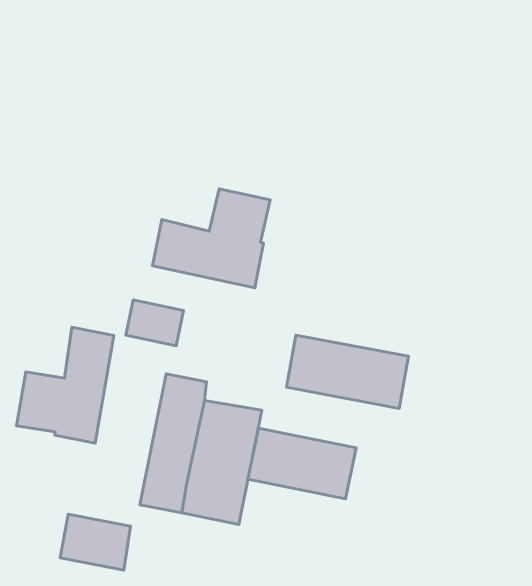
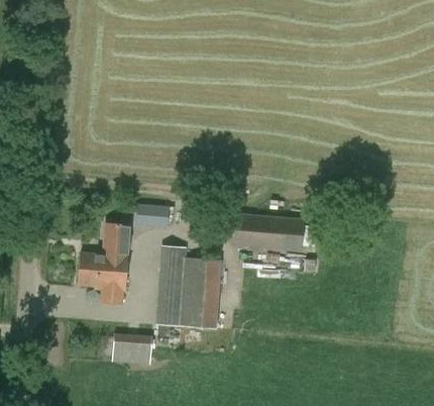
building: [153,189,270,288] -> none
building: [248,428,356,499] -> none

